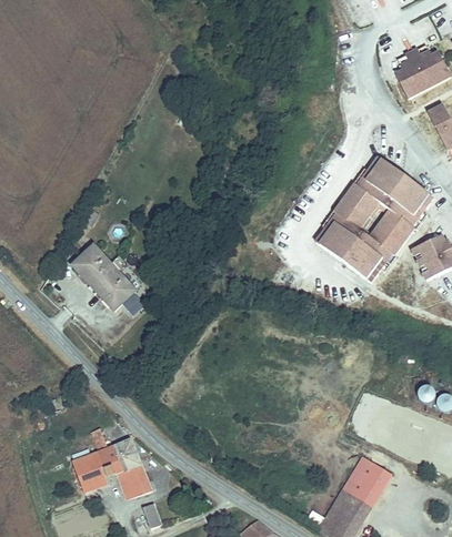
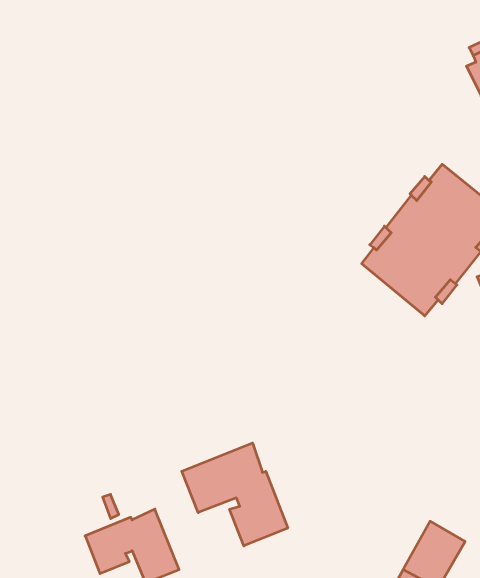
building: [72,244,138,312] -> none
building: none -> [182,443,288,546]

